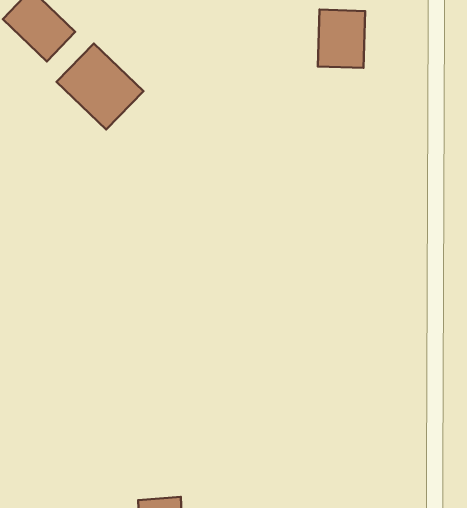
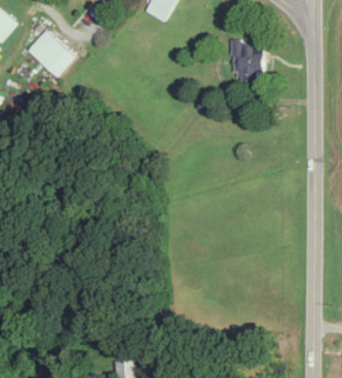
building: [56,43,144,130] -> none

